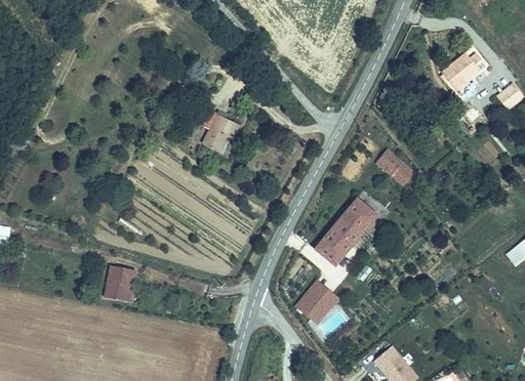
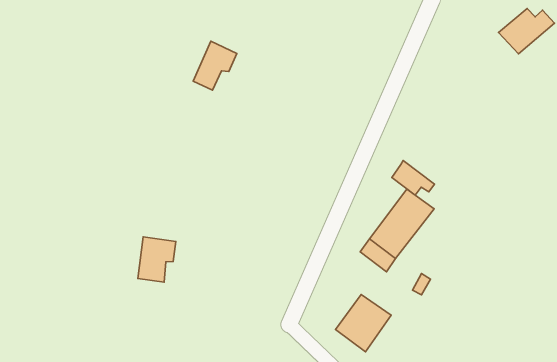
building: [203,113,240,153] -> [193,41,237,90]
building: [383,155,418,183] -> [392,161,435,195]
building: [104,267,136,305] -> [138,237,176,282]

